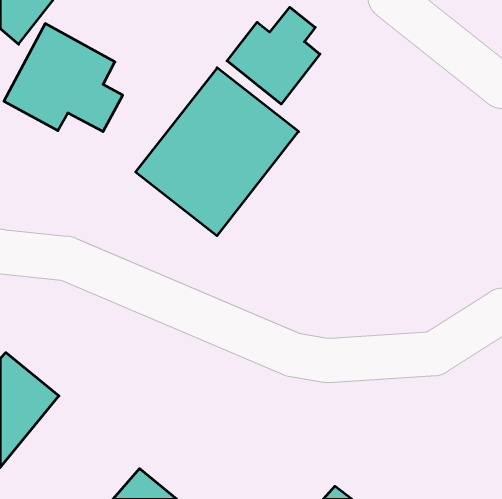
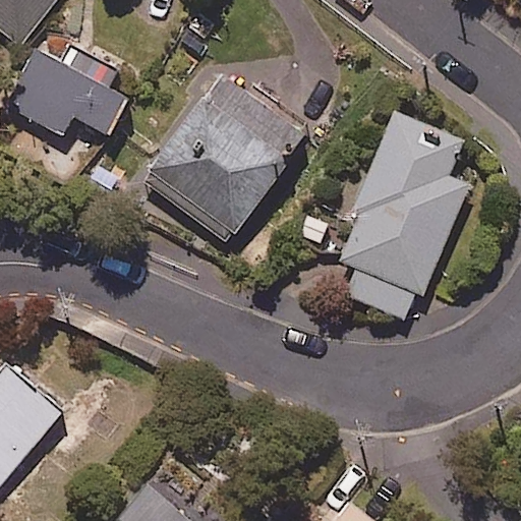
building: [227,7,320,104] -> none
building: none -> [329,110,467,323]

